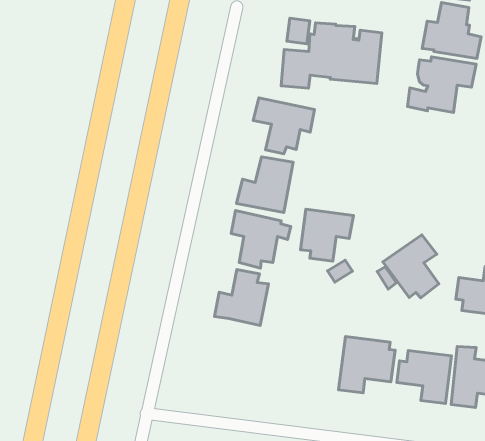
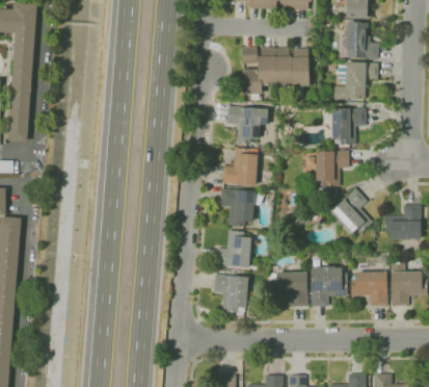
building: none -> [323,108,366,145]
building: [301,209,354,261] -> [316,151,350,185]
building: none -> [213,275,248,312]
building: none -> [269,272,307,306]

